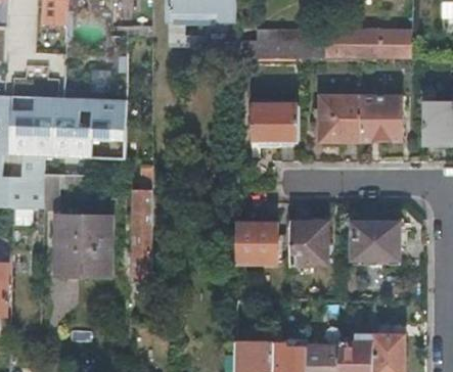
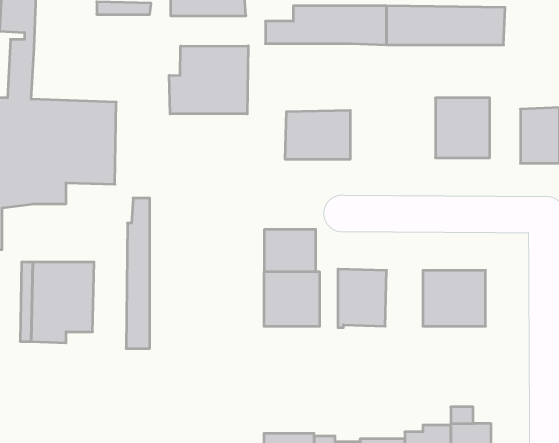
building: none -> [169,46,248,114]
building: [319,96,361,140] -> none
building: none -> [265,229,316,272]

